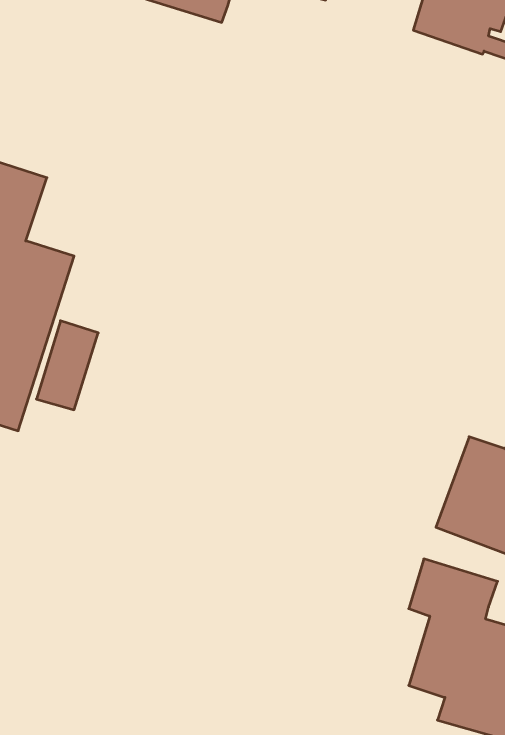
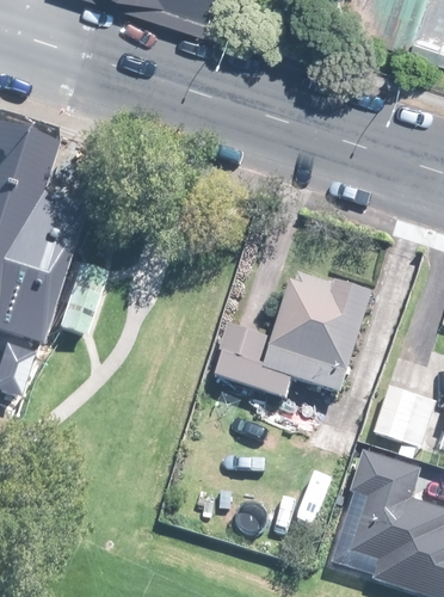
building: none -> [215,263,371,390]

